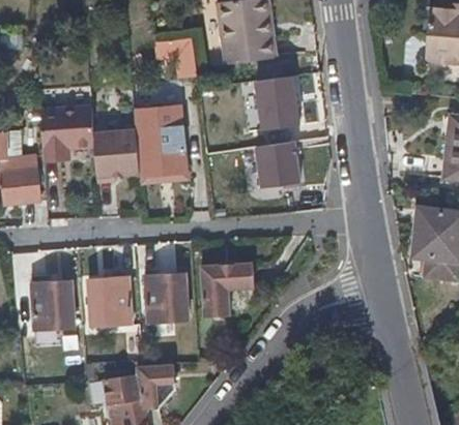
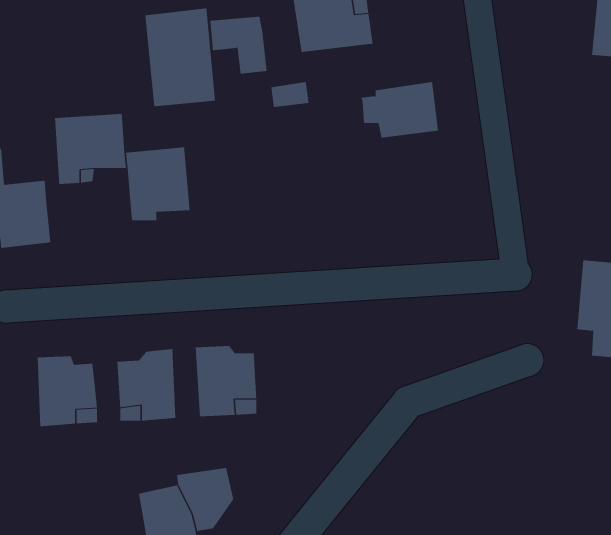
building: [136,105,187,176] -> [145,8,216,107]
building: [256,141,311,191] -> none
building: [201,264,254,320] -> none

